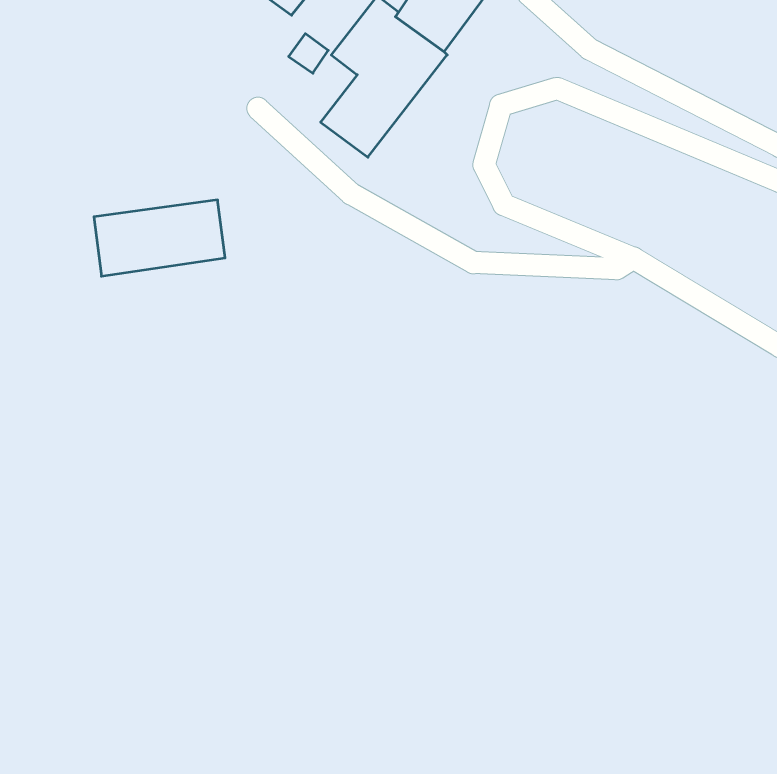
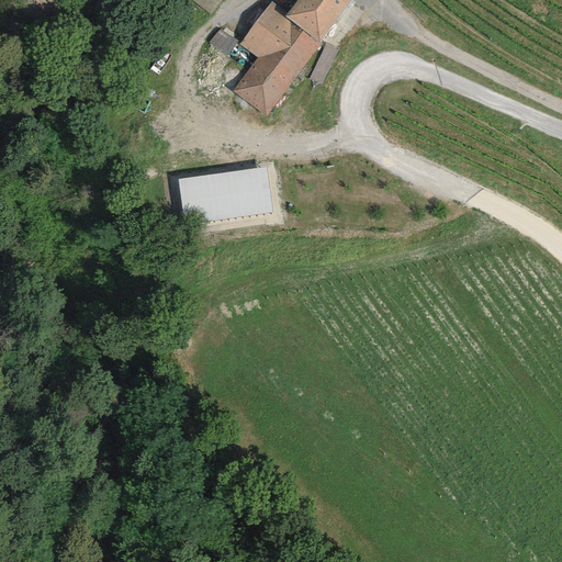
building: [94,200,225,276] -> [178,168,272,223]

